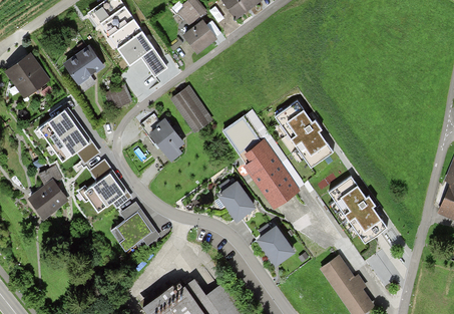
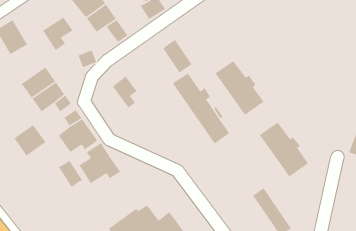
building: [170,87,207,129] -> [162,39,192,73]
building: [219,185,253,219] -> none
building: none -> [58,160,83,188]
building: [260,229,293,264] -> none

